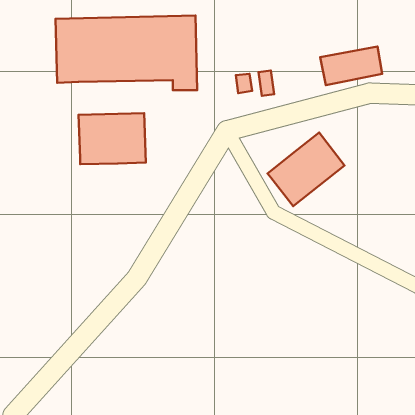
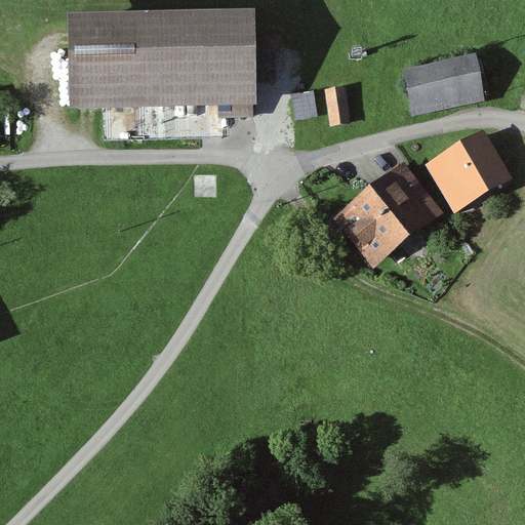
building: none -> [430,132,507,205]
building: [79,113,146,164] -> none

